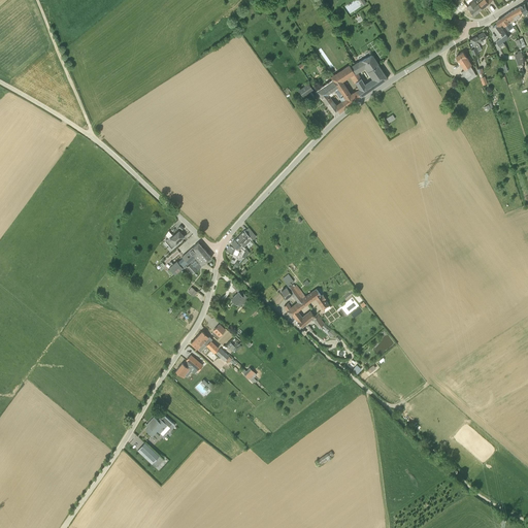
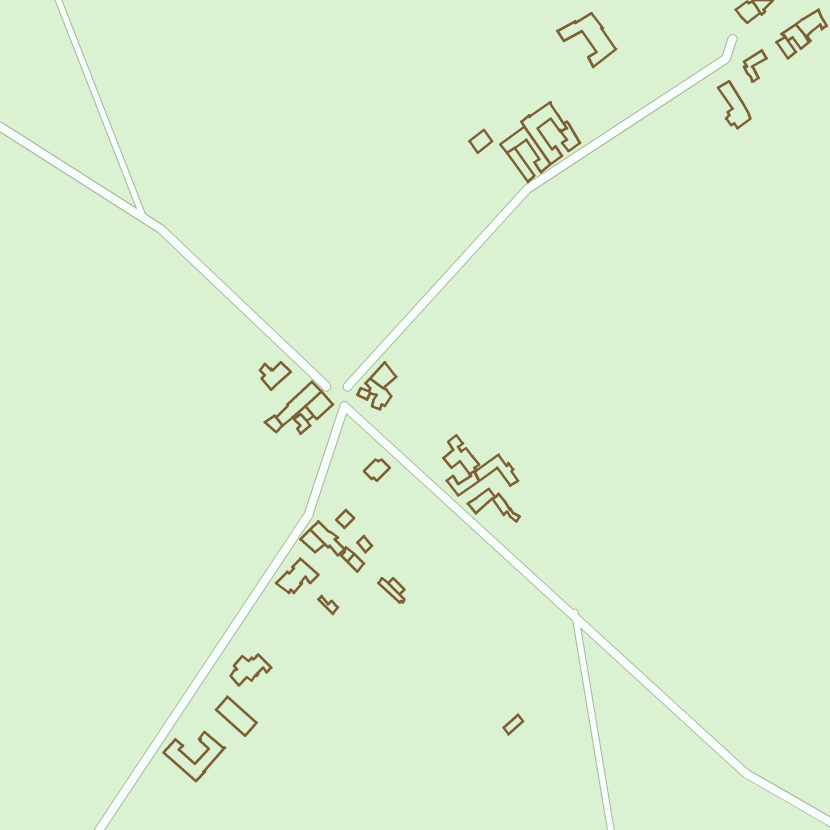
building: [350,55,387,89] -> [557,13,616,67]
building: none -> [164,732,225,781]

